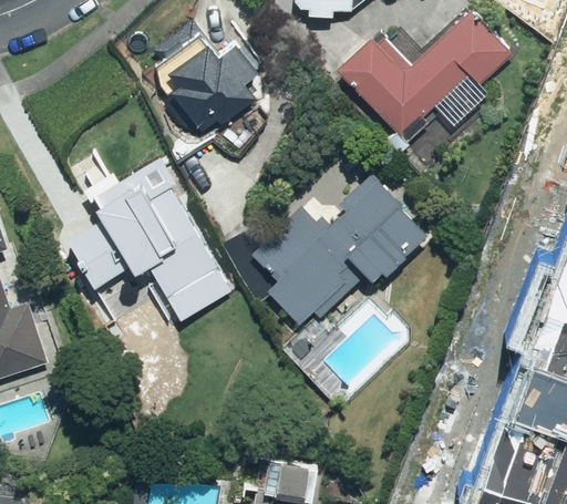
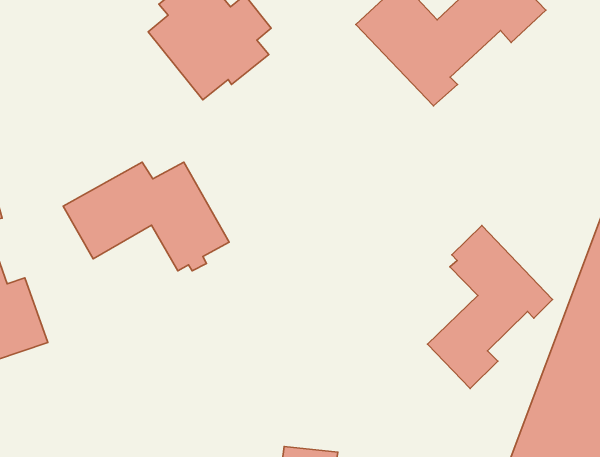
building: [249,173,431,328] -> none
building: none -> [428,226,552,388]

